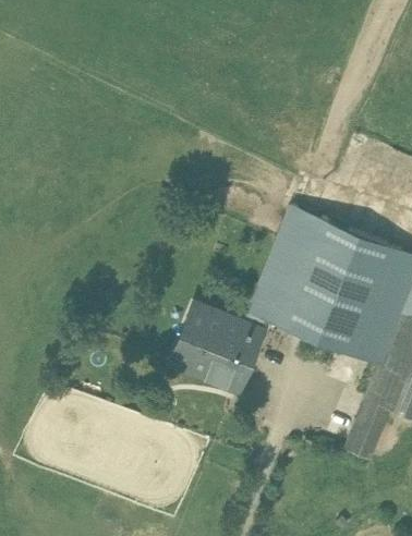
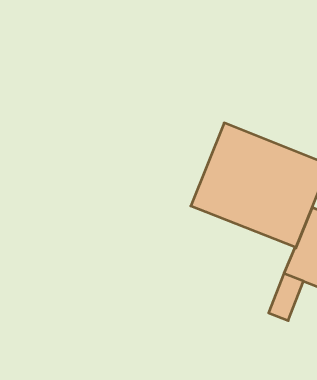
building: [169,304,267,391] -> none

